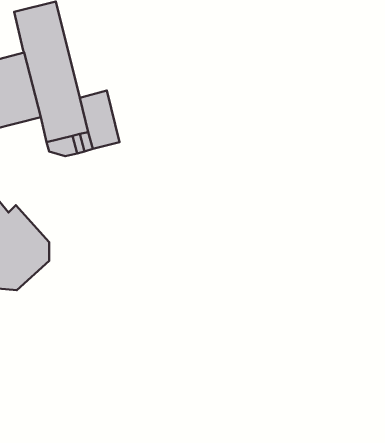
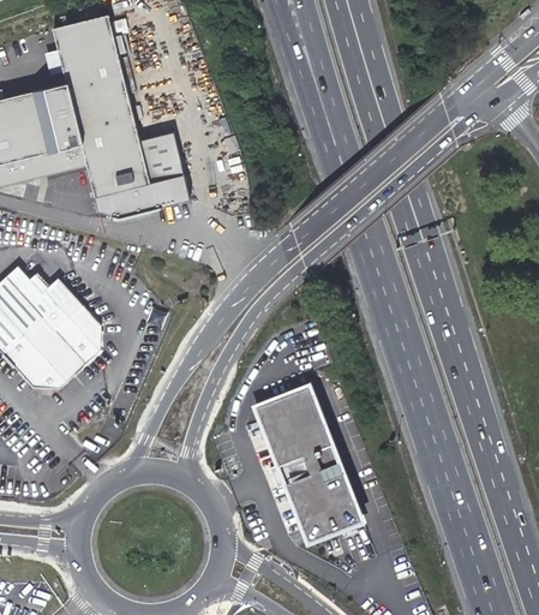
building: none -> [250,382,364,547]

